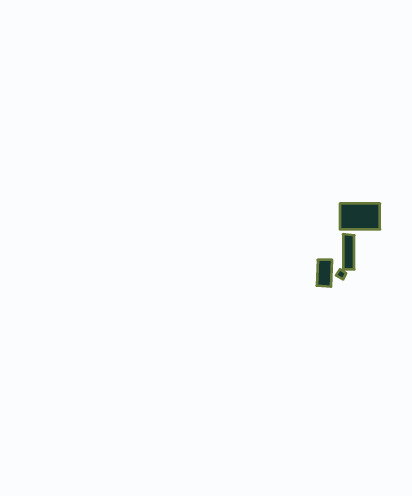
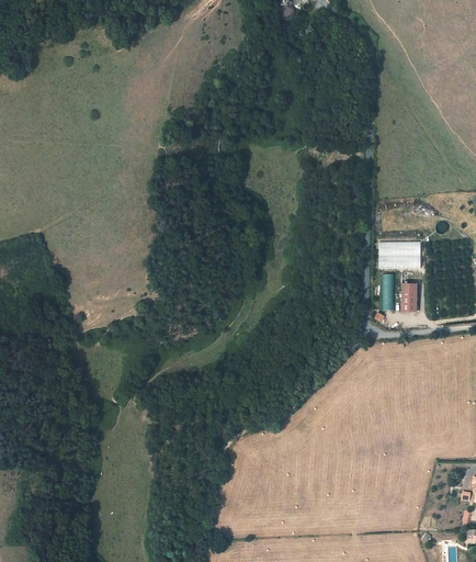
building: [317,260,332,287] -> [400,283,417,312]

